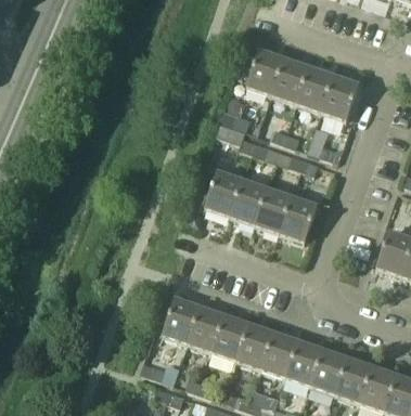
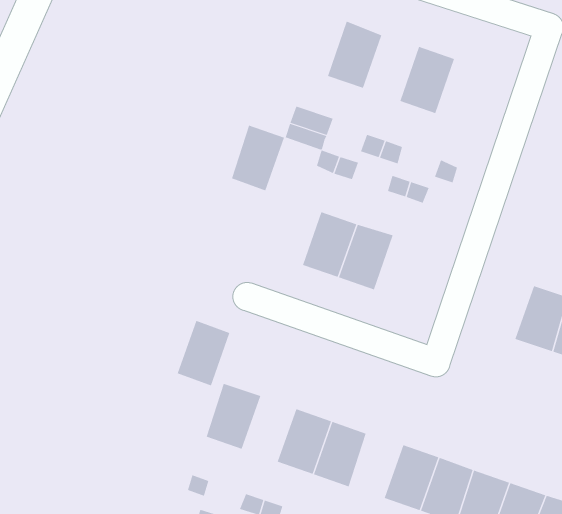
building: [270,57,308,103] -> none
building: [320,74,358,120] -> none
building: [204,170,241,216] -> [231,125,285,191]
building: [278,195,316,242] -> none
building: [187,306,223,351] -> [177,320,230,386]
building: [260,332,297,376] -> none

